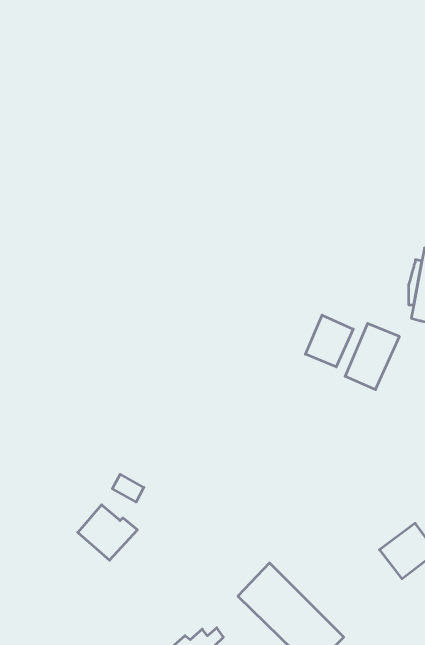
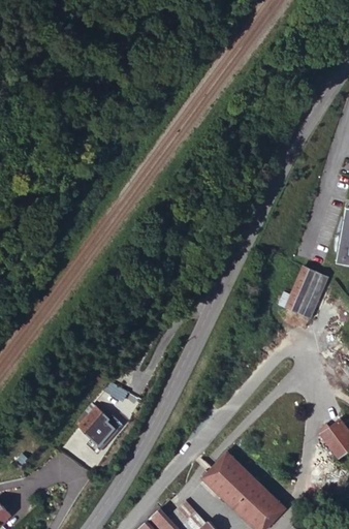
building: [305,315,353,367] -> none

